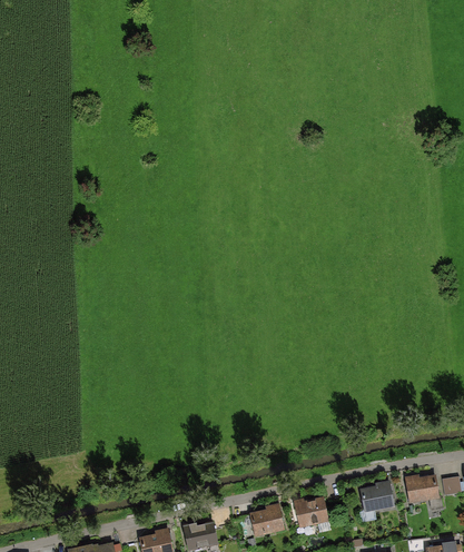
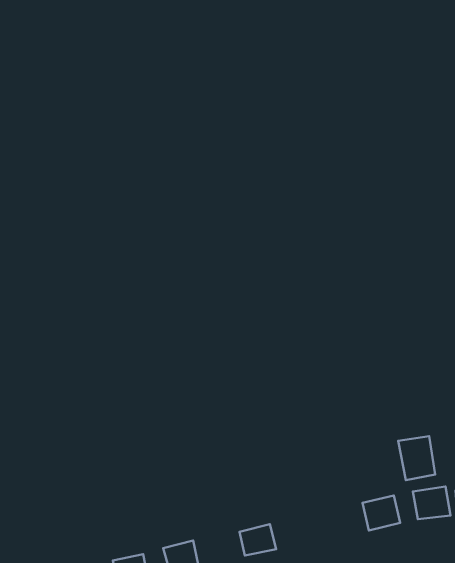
building: none -> [398,436,435,480]
building: [296,496,327,525] -> none

